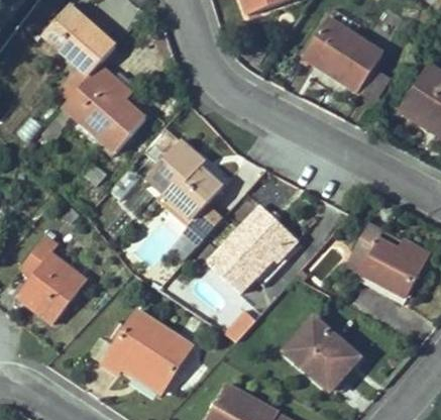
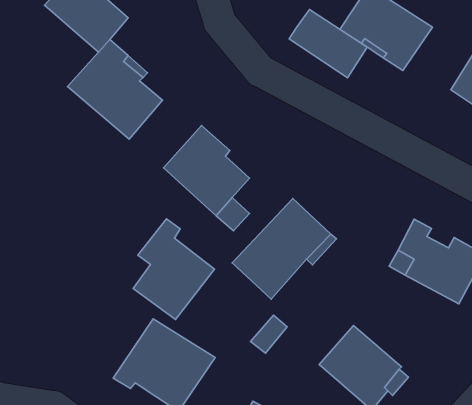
building: none -> [289,9,367,78]
building: [15,234,87,323] -> [133,219,215,319]

